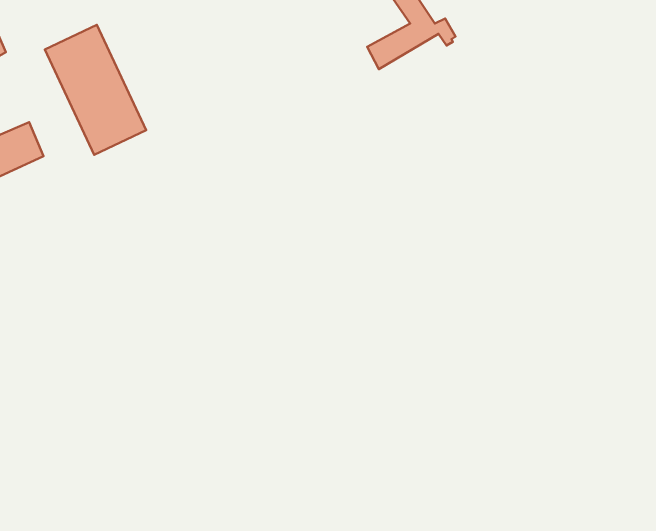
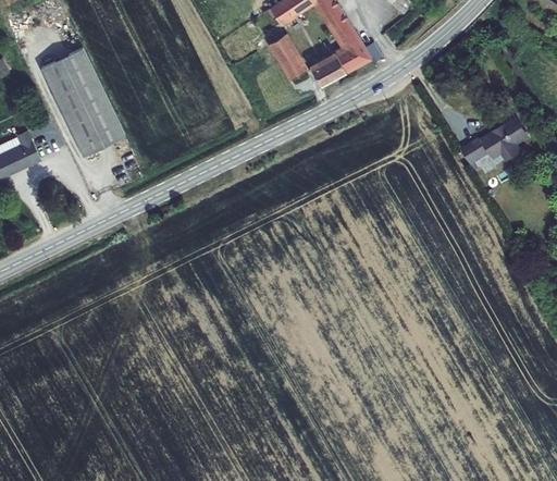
building: none -> [260,35,305,82]
building: none -> [462,120,525,163]

